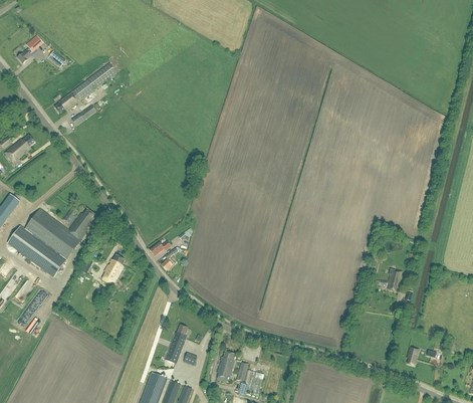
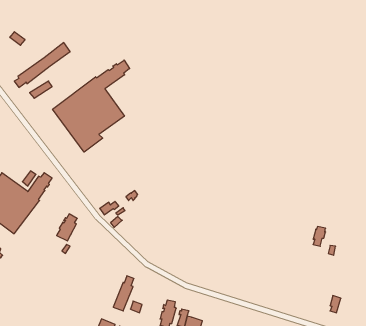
building: none -> [53,60,130,152]

